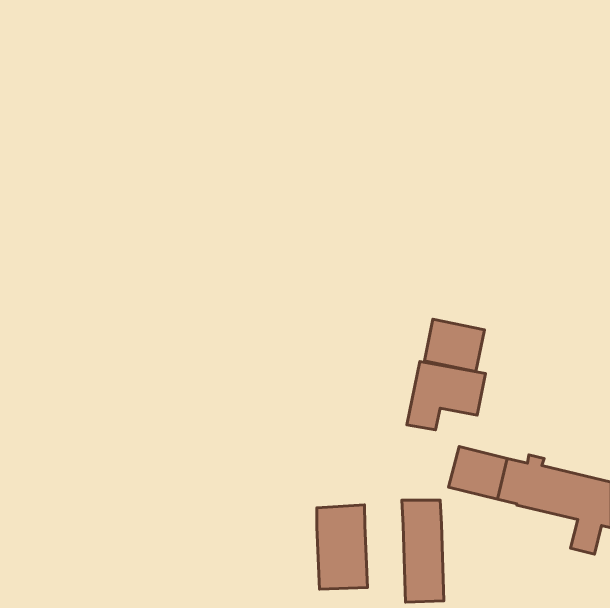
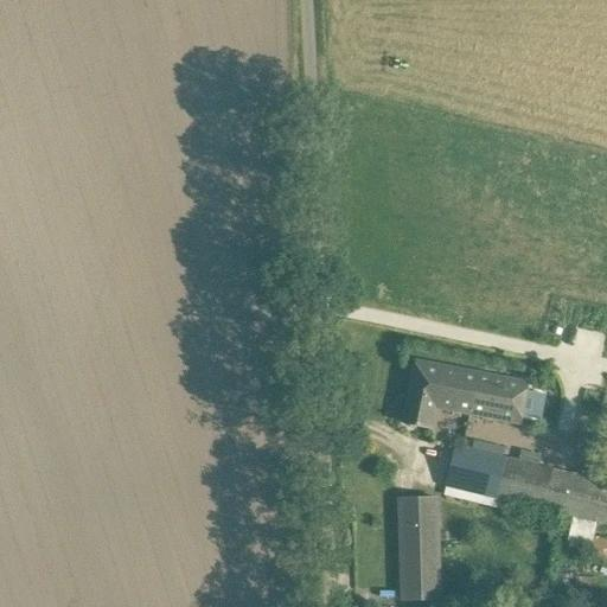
building: [425,319,484,372] -> [474,370,533,422]
building: [317,505,367,589] -> none

